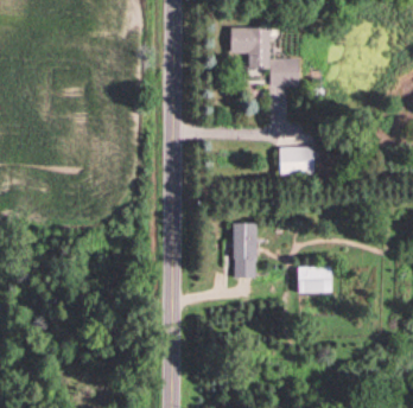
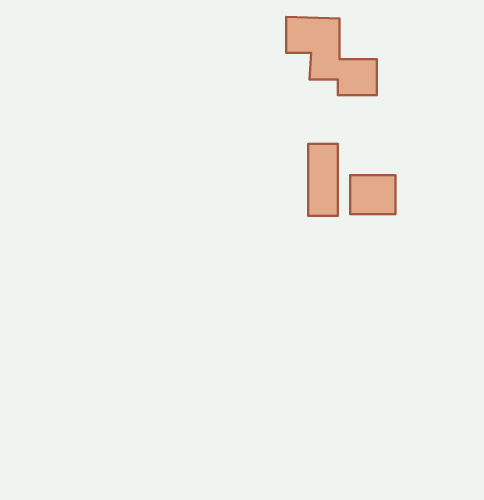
building: [233,223,255,278] -> [308,144,338,216]
building: [297,267,330,292] -> none

